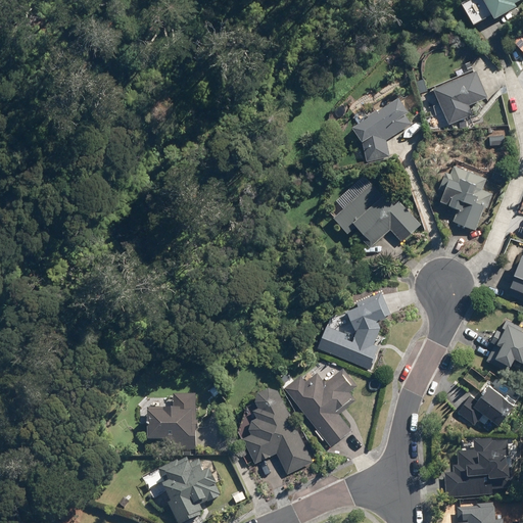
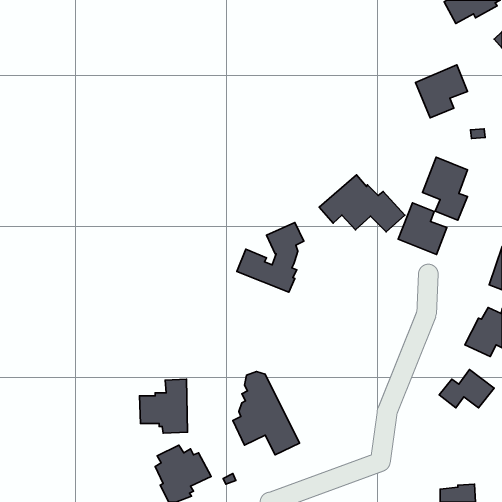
building: [350,93,412,160] -> none
building: none -> [398,203,447,254]
building: [316,296,385,369] -> [237,223,304,292]
building: [284,367,356,446] -> none
building: [444,439,514,498] -> none

